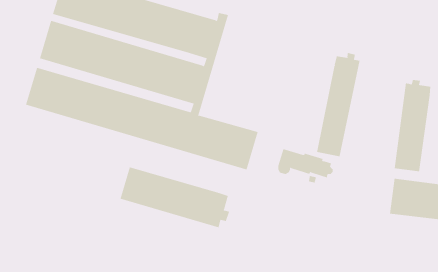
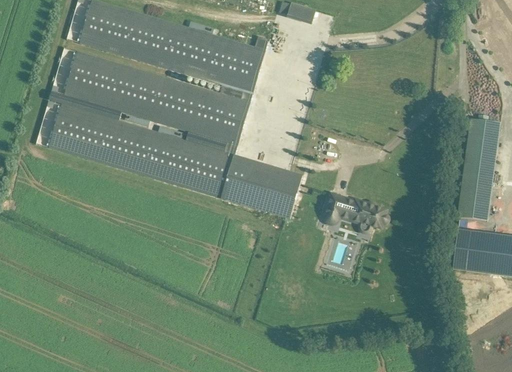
building: [316,52,360,157] -> none
building: [120,166,230,228] -> none

